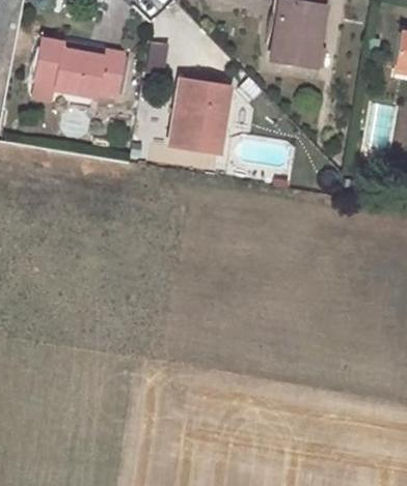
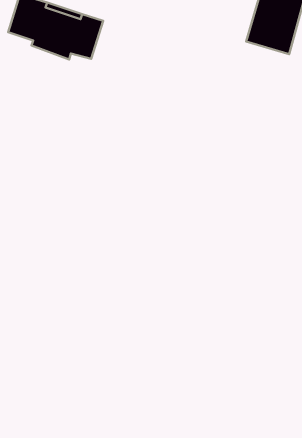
building: [175,81,230,153] -> none

